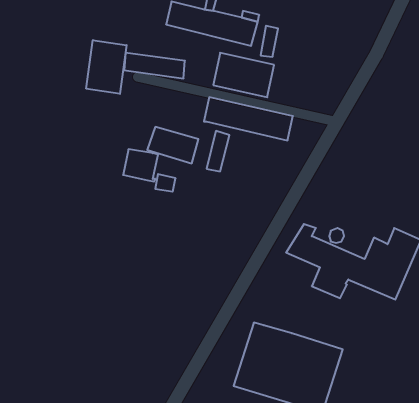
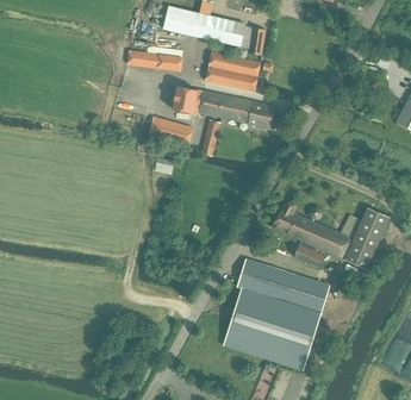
building: [86,40,127,94] -> none
building: [123,149,158,182] -> [172,86,203,114]
building: none -> [237,260,329,311]

